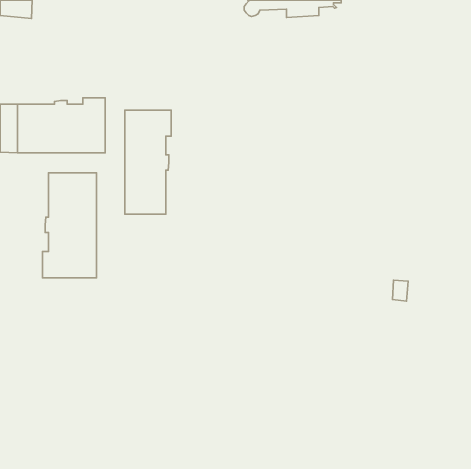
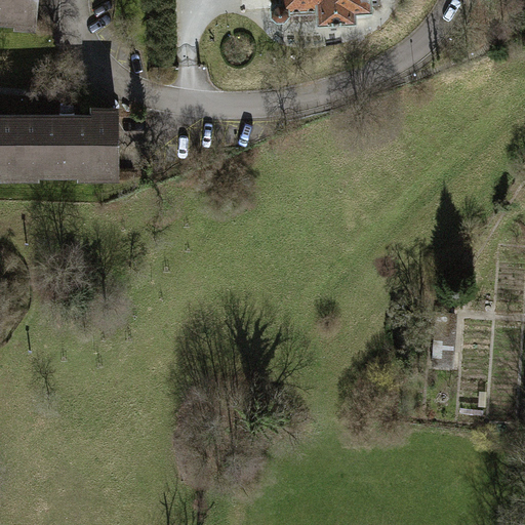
building: [125,110,171,214] -> none
building: [42,173,96,278] -> none

